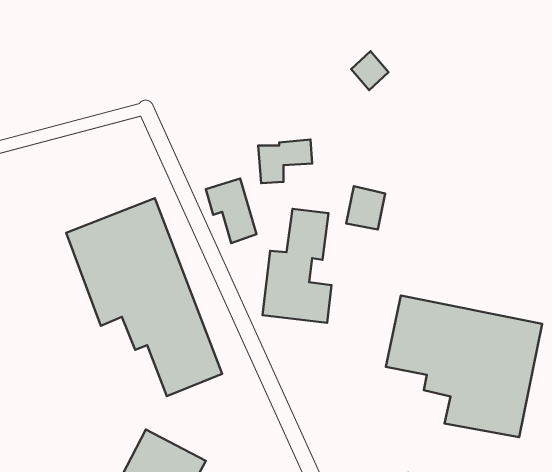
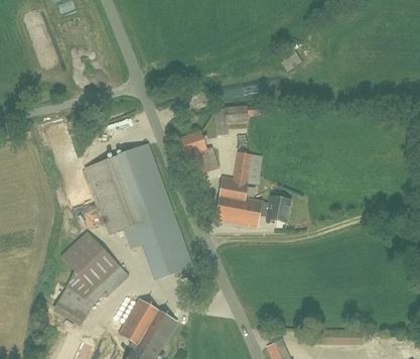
building: [346,186,385,230] -> [267,196,293,225]
building: [386,295,542,437] -> none
building: none -> [57,232,127,319]

